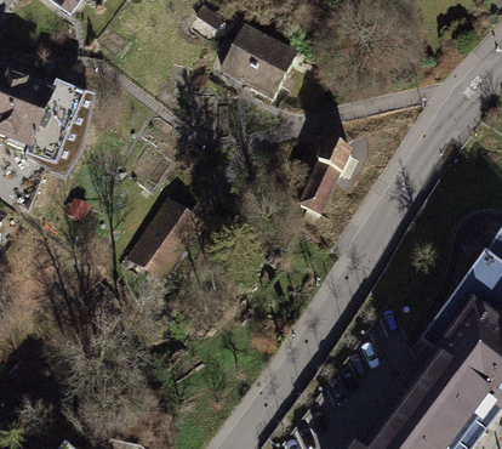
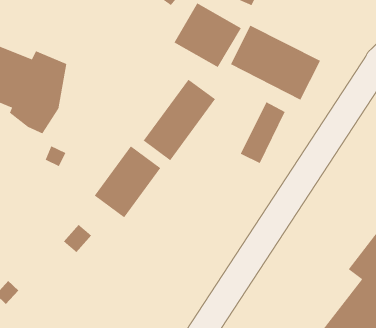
building: none -> [230,25,321,100]
building: none -> [143,79,216,161]

